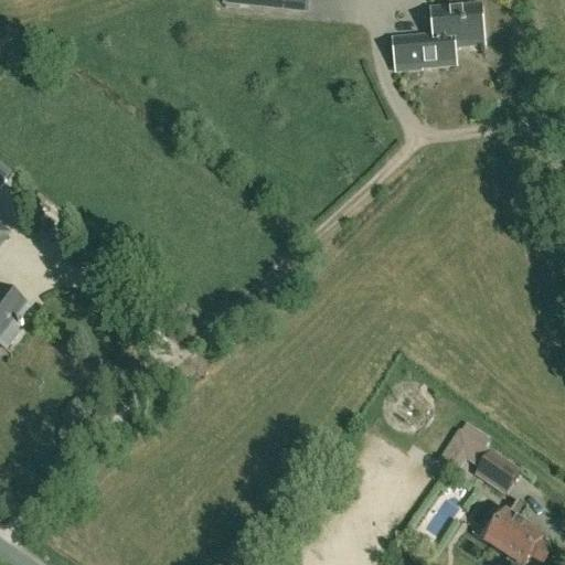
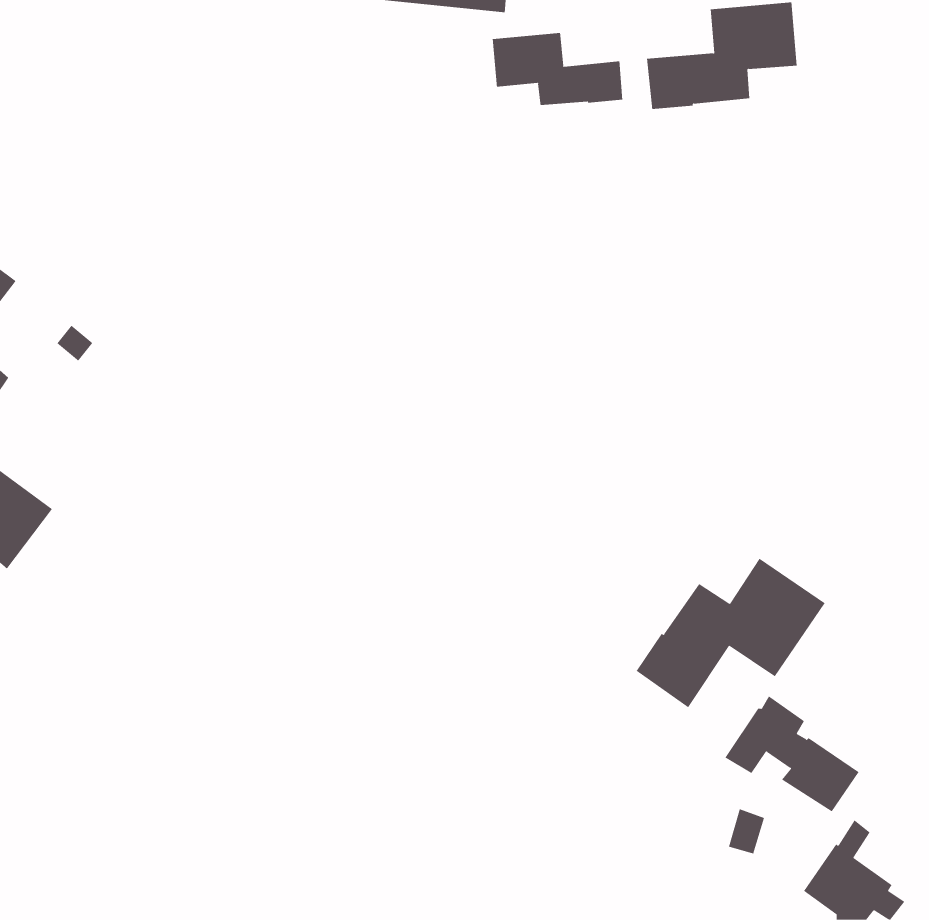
building: none -> [492,32,623,106]
building: none -> [636,558,826,708]

